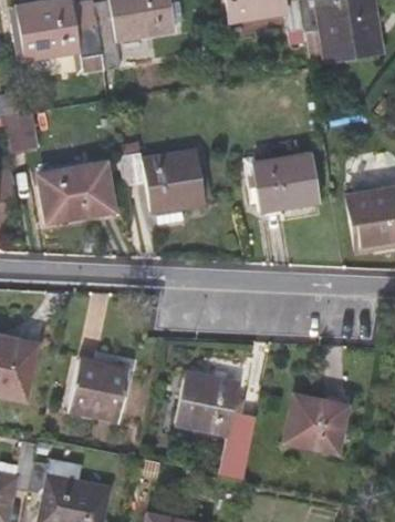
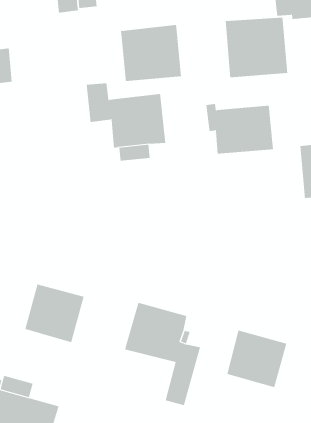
building: none -> [225,17,288,78]
building: none -> [121,24,182,82]
building: [40,163,115,222] -> none

